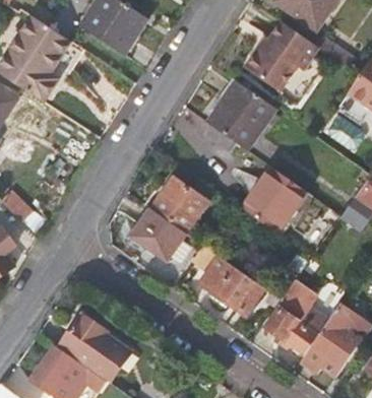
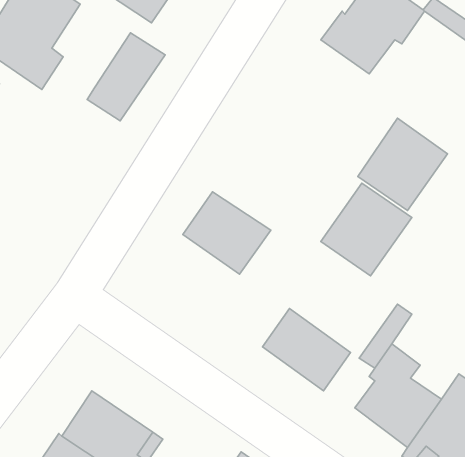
building: none -> [87,33,165,121]
building: [212,83,276,149] -> [358,118,447,211]
building: [132,209,185,261] -> none

